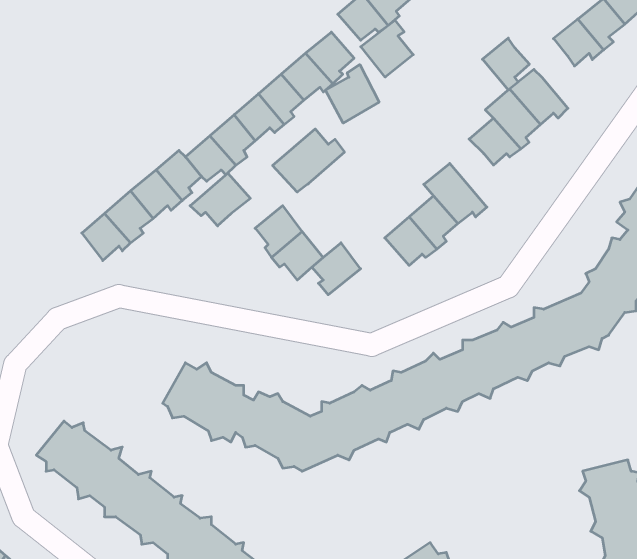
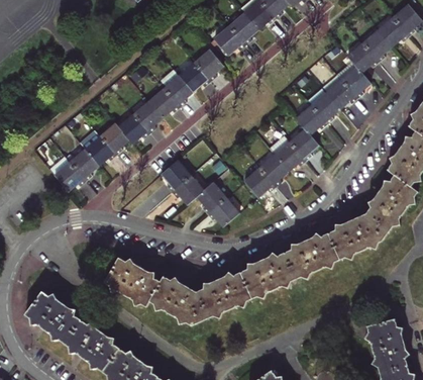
building: [361,20,413,77] -> none
building: [482,38,529,90] -> [340,66,369,98]
building: [326,65,379,123] -> none
building: [273,129,344,192] -> none
building: none -> [289,126,319,160]
building: [190,173,250,226] -> none
building: none -> [207,198,239,227]

